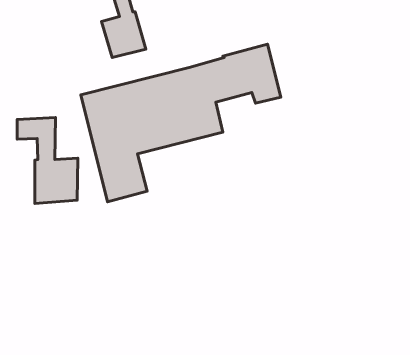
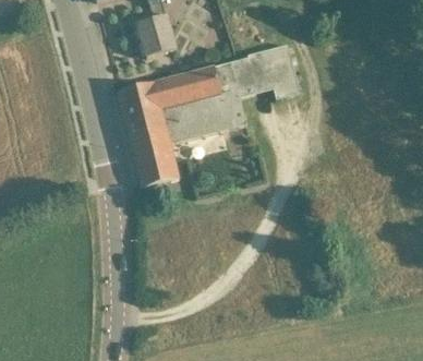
building: [17,118,78,204] -> none

